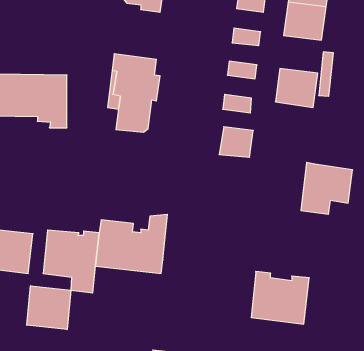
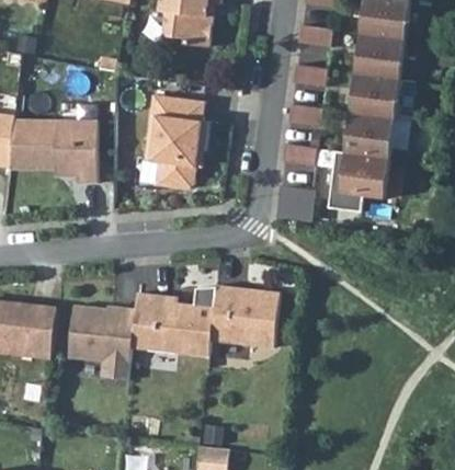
building: none -> [350,73,399,118]
building: [301,162,353,214] -> [328,150,389,211]
building: [251,271,309,324] -> [211,285,280,347]
building: [27,286,71,330] -> none

